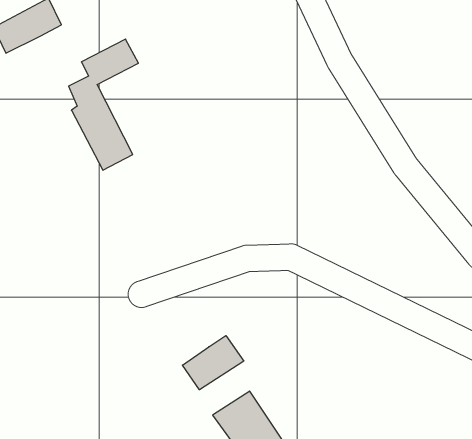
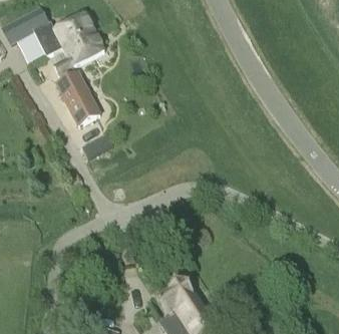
building: none -> [34,15,94,58]
building: [182,336,244,390] -> none

